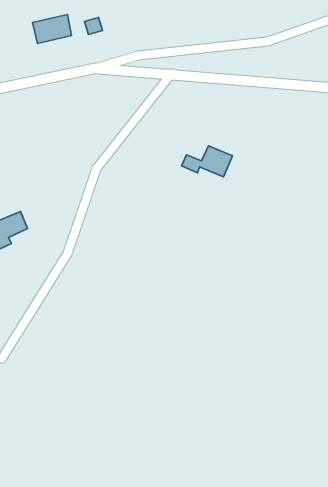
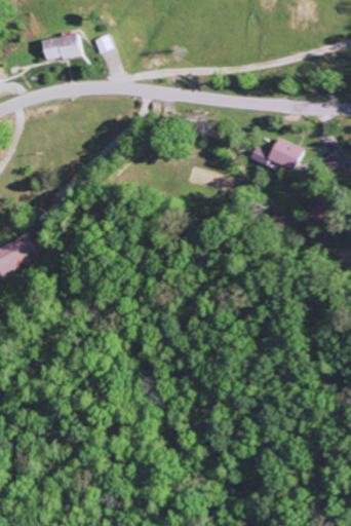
building: [182,146,233,177] -> [250,138,303,170]

